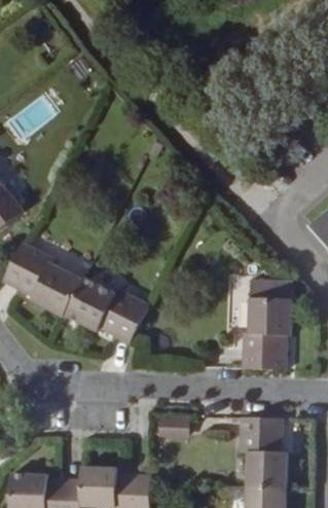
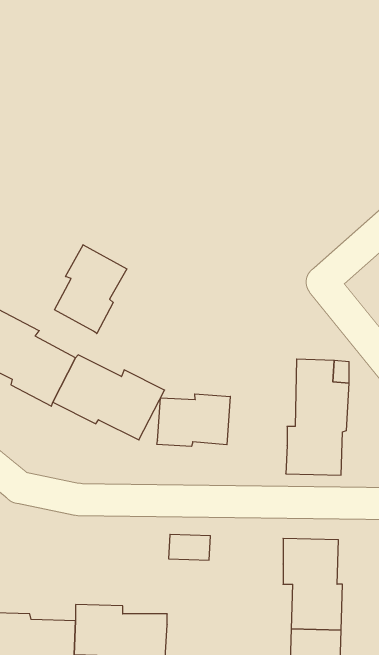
building: none -> [55,245,127,334]
building: none -> [157,394,230,446]

